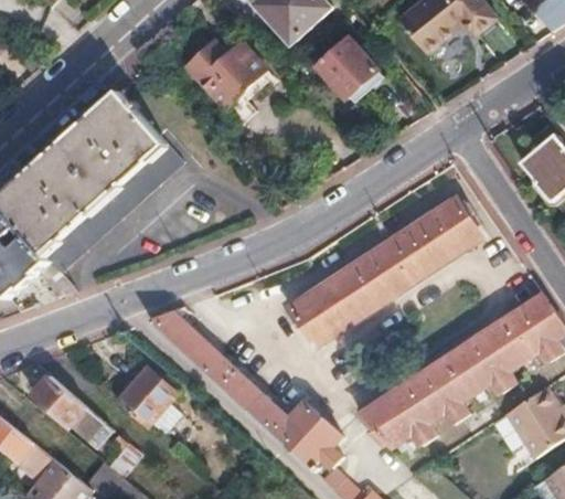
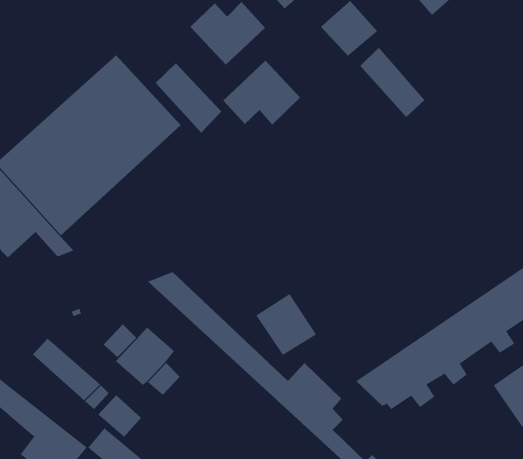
building: none -> [360,47,425,118]
building: none -> [222,60,301,125]
building: none -> [155,62,222,133]
building: [282,197,486,347] -> none
building: none -> [255,293,317,356]

